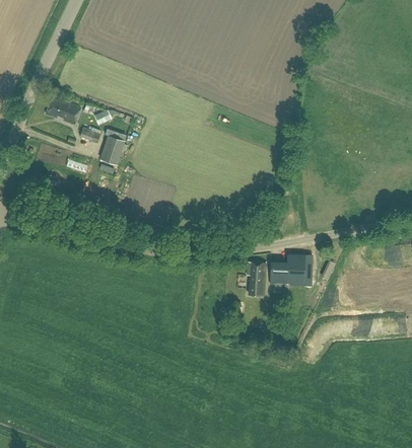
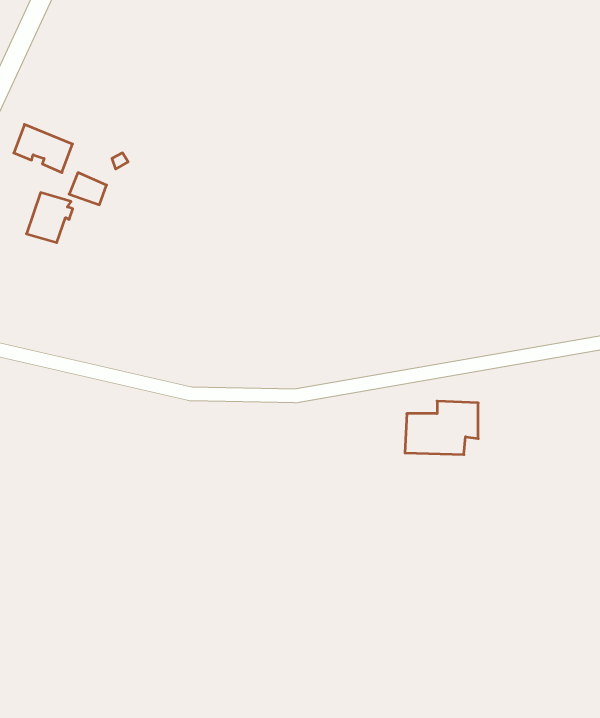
building: [99,136,126,164] -> [26,193,73,243]
building: [247,262,266,295] -> none

